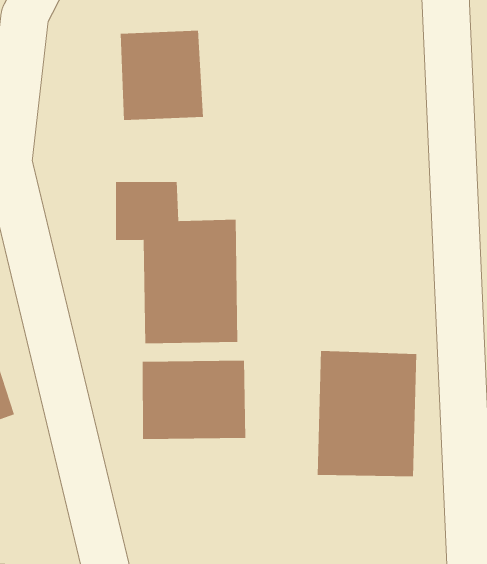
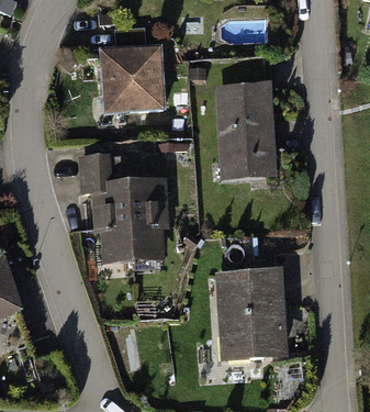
building: none -> [229,79,280,165]
building: [142,360,246,440] -> none

